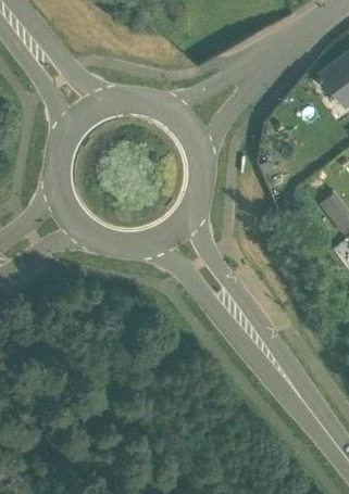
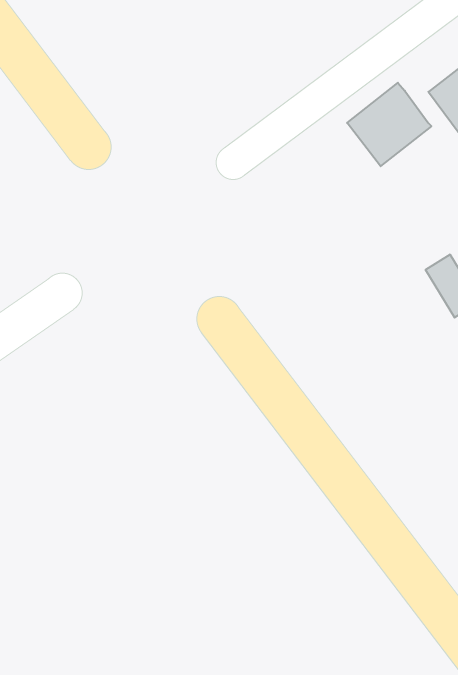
building: none -> [347,83,431,166]

